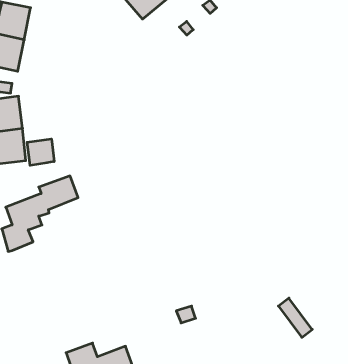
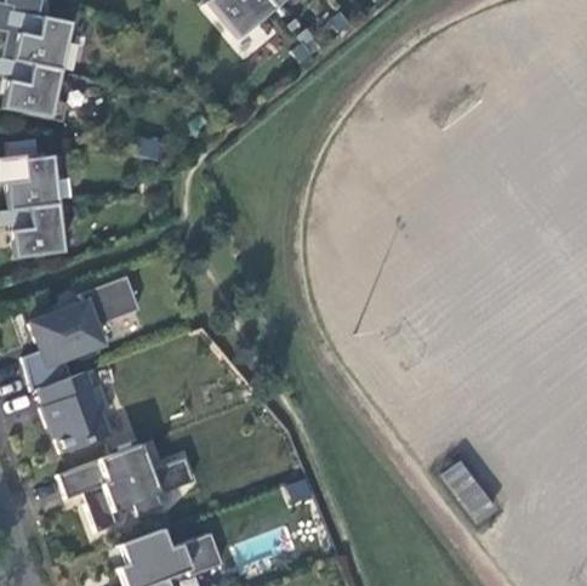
building: [27,139,54,165] -> none
building: none -> [41,369,113,451]
building: none -> [59,443,196,531]

